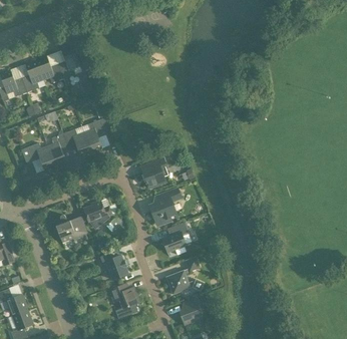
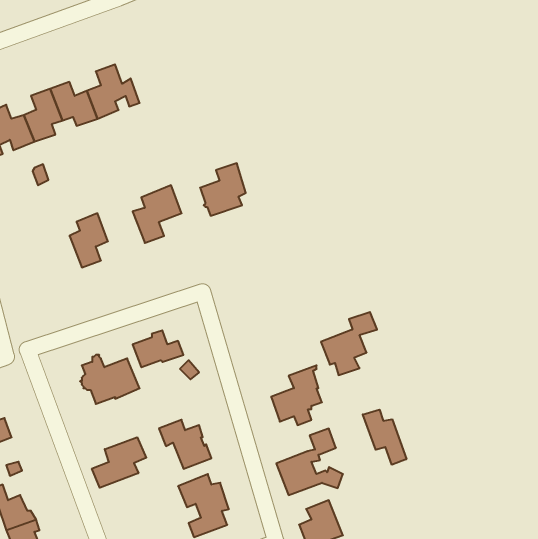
building: [63,129,90,154] -> none
building: [21,143,54,168] -> none
building: [142,158,168,189] -> [200,163,246,216]
building: [149,189,182,225] -> [321,312,377,375]
building: none -> [363,410,406,465]
building: none -> [92,437,146,488]

